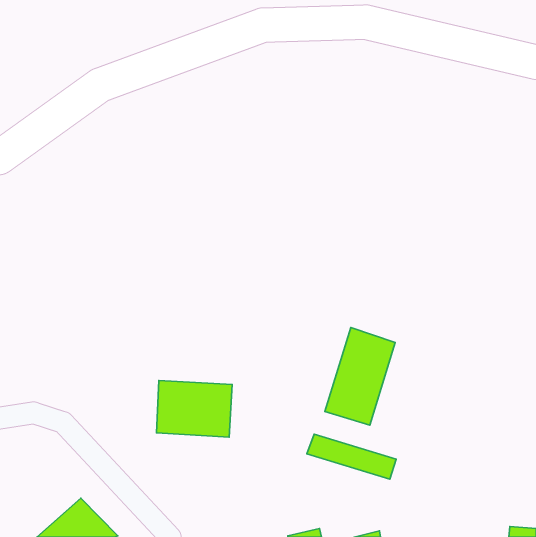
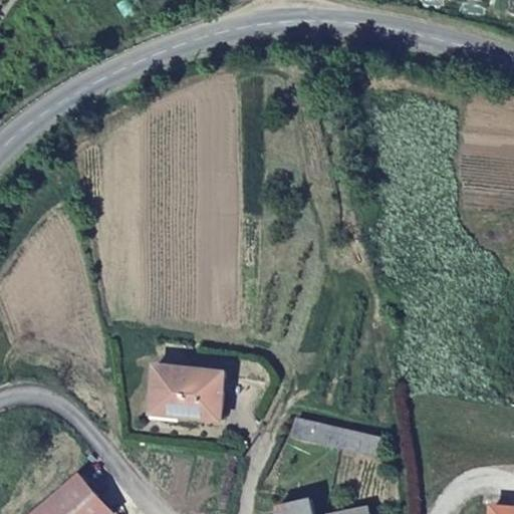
building: [325,328,395,425] -> none

